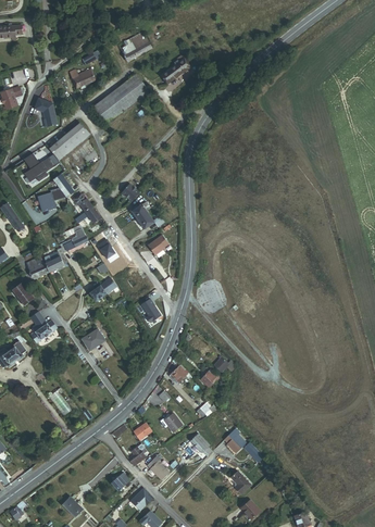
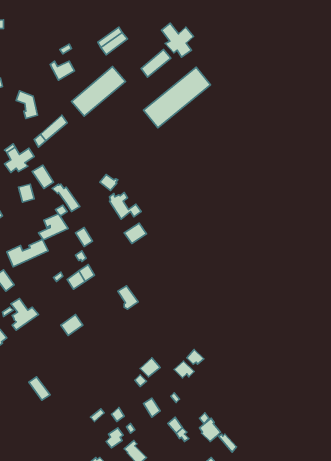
building: none -> [161,23,193,57]
building: none -> [144,67,210,128]

